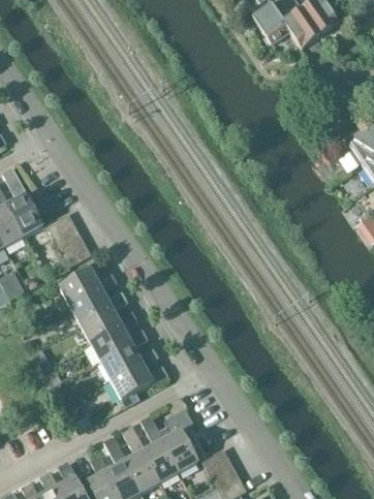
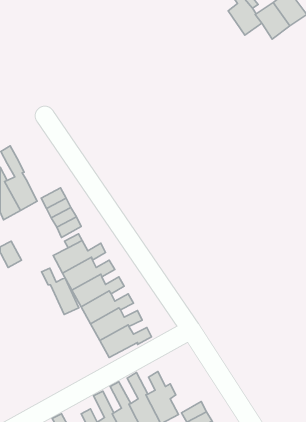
building: none -> [41,268,79,314]

